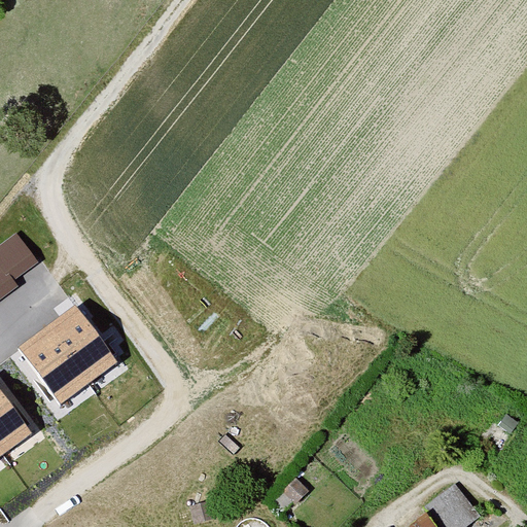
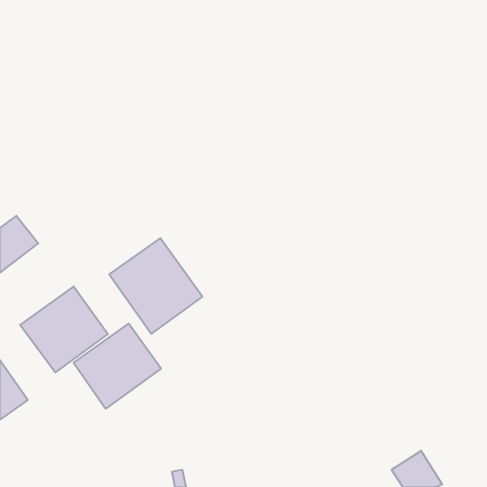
building: none -> [109,238,202,334]
building: none -> [74,324,161,409]

